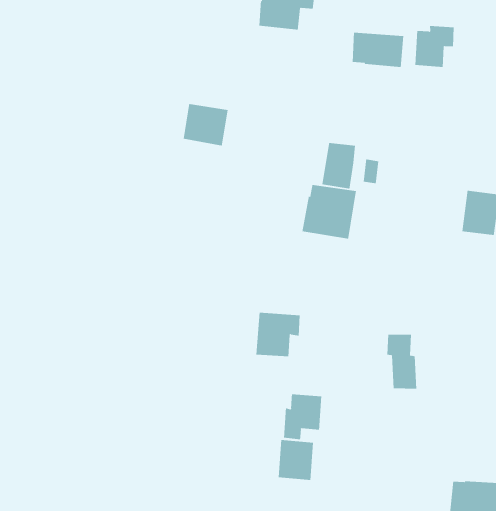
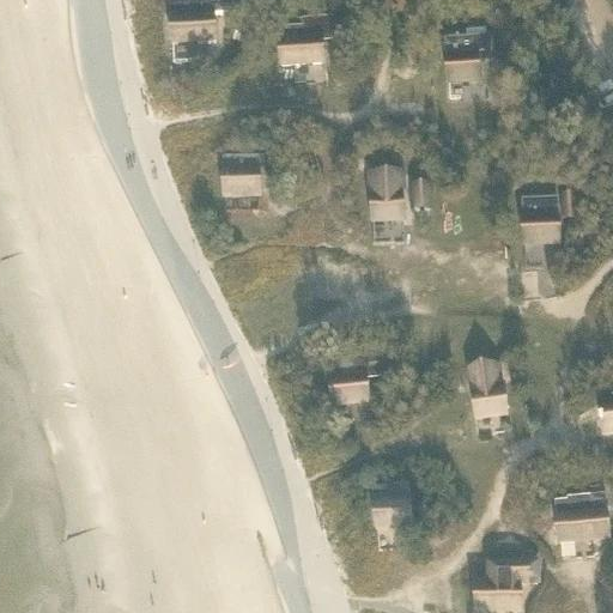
building: [352,32,404,68] -> none
building: [302,184,356,240] -> none
building: [283,393,322,440] -> none

